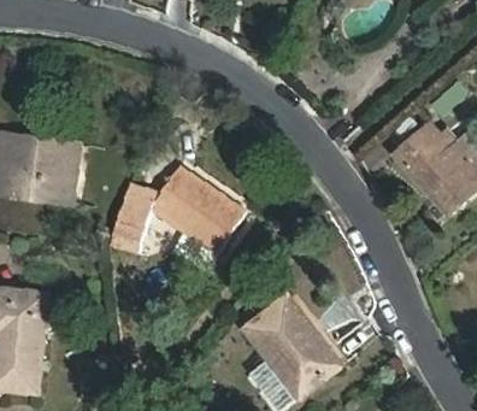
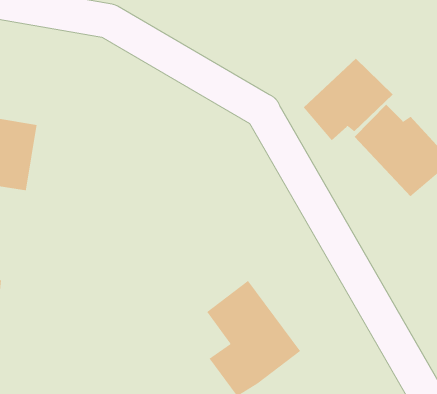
building: none -> [303,58,394,141]
building: [110,166,247,256] -> none

